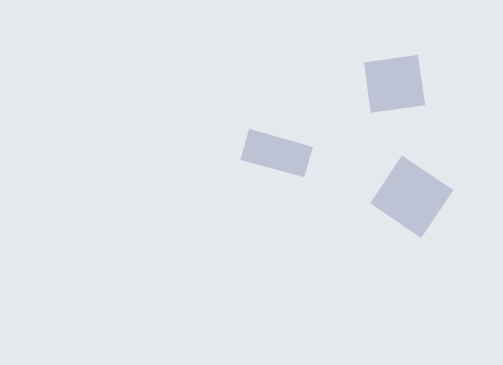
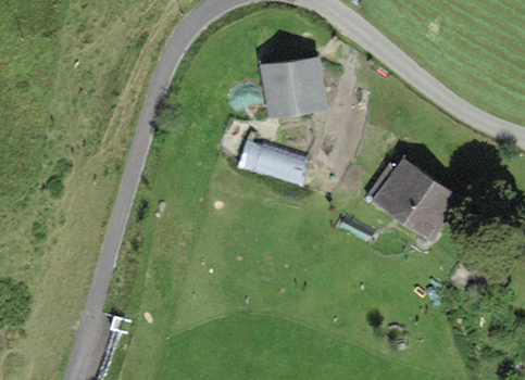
building: [363,55,426,113] -> [265,59,327,116]

